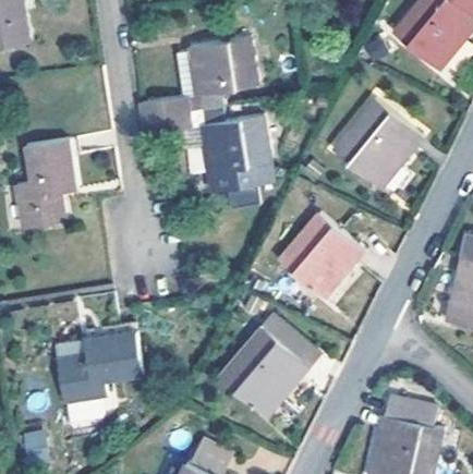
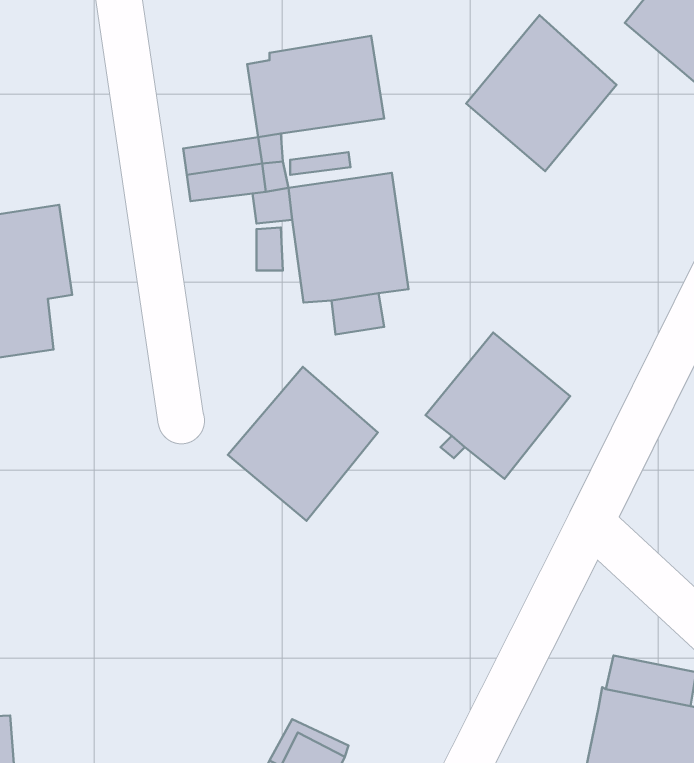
building: [337,94,424,184] -> [466,15,616,171]
building: [221,324,308,413] -> [228,367,378,521]
building: [53,332,142,404] -> none

